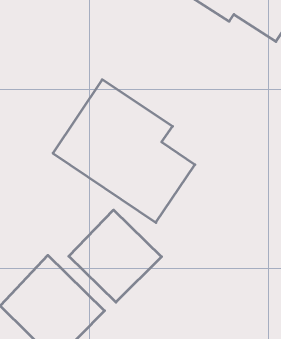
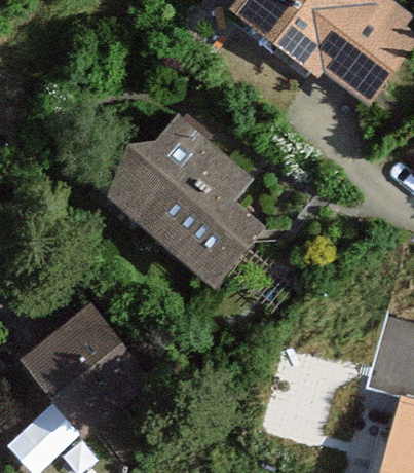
building: [69,210,162,302] -> none

